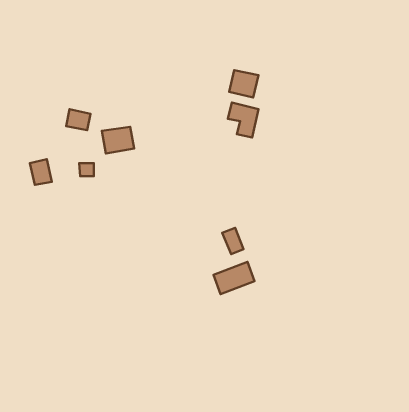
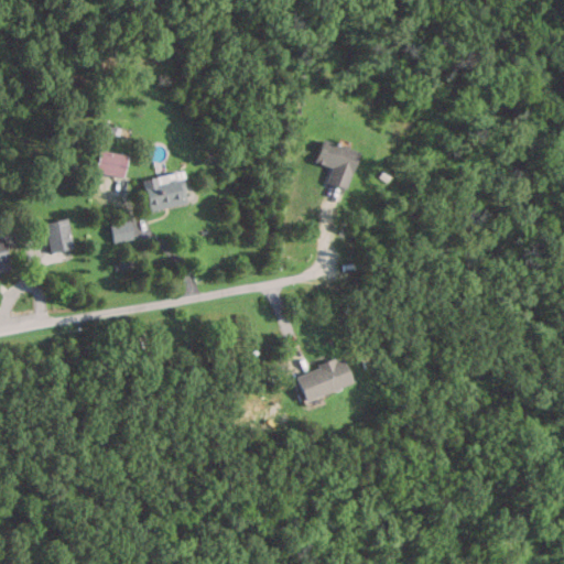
building: [229,70,259,97] -> none
building: [222,228,243,254] -> none

